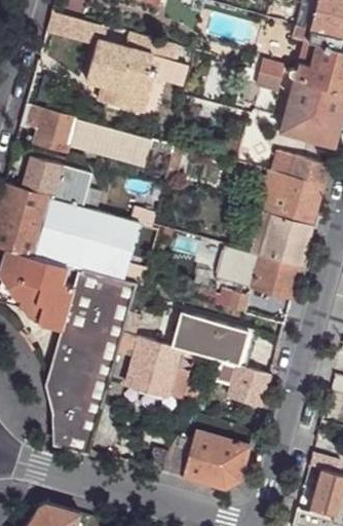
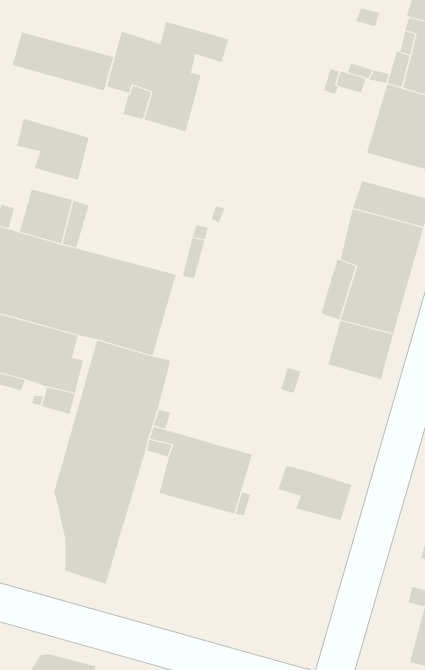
building: [75,121,151,165] -> [12,32,114,91]
building: [169,314,246,367] -> none
building: [159,431,250,490] -> none

